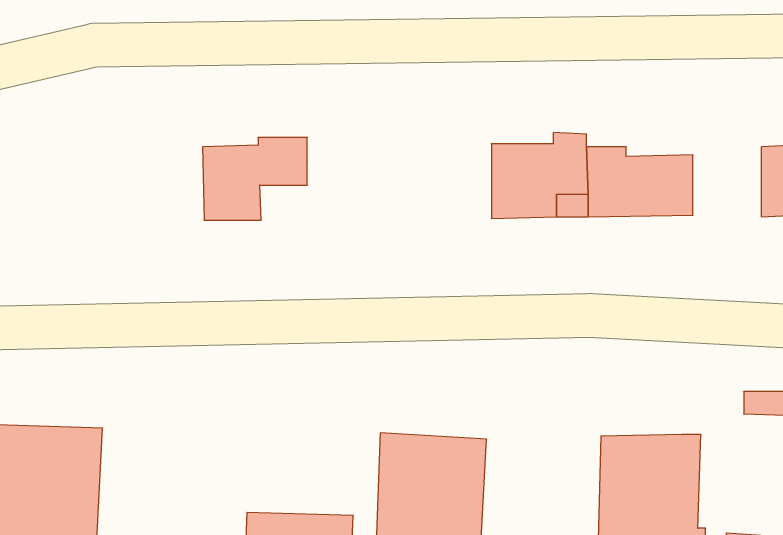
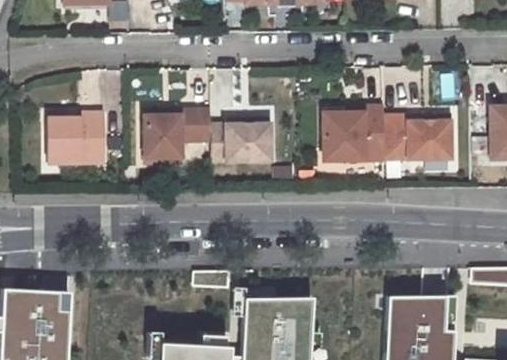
building: none -> [38,111,94,162]
building: none -> [203,122,263,160]

